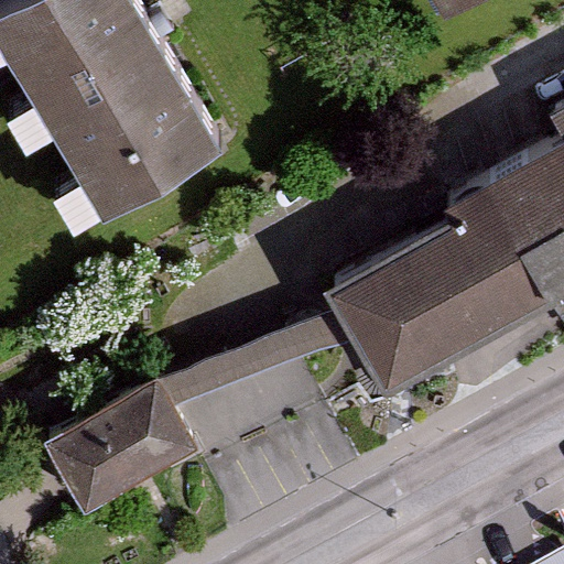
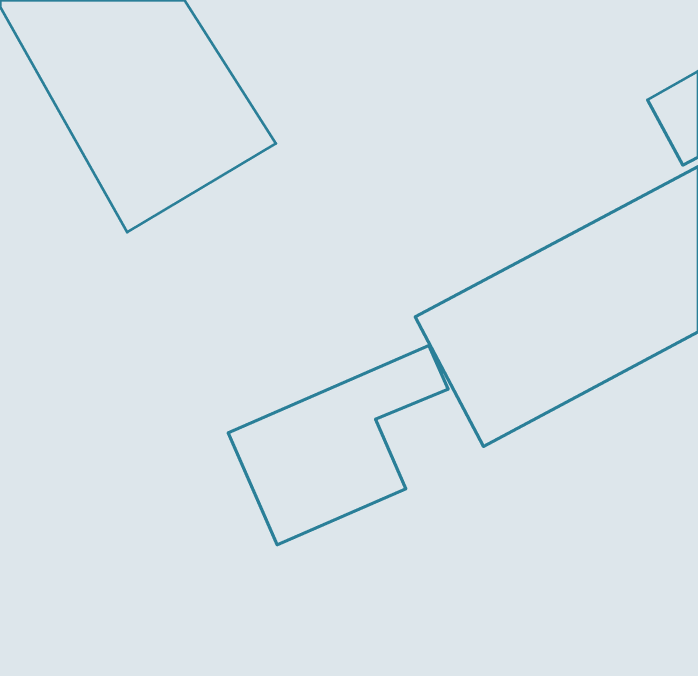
building: [42,383,195,514] -> none

